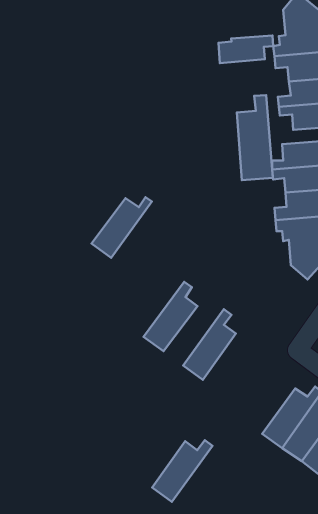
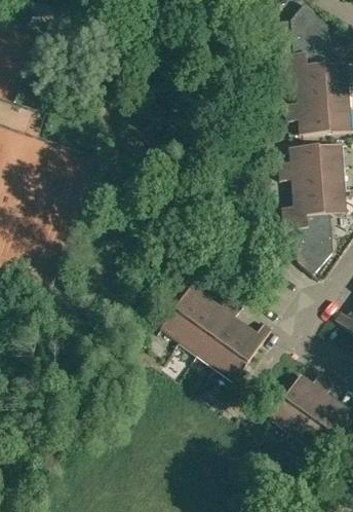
building: [219,35,273,63] -> none
building: [237,95,273,180] -> none
building: [92,197,152,258] -> [178,297,234,354]
building: [152,440,212,502] -> [214,323,271,380]

